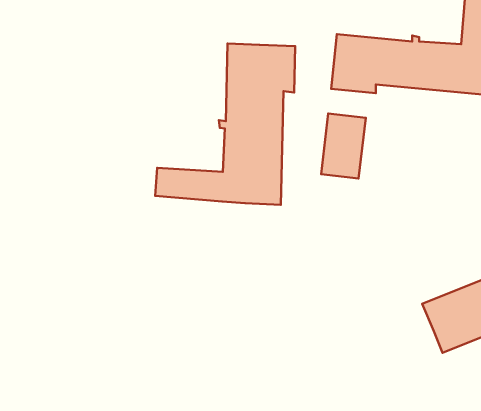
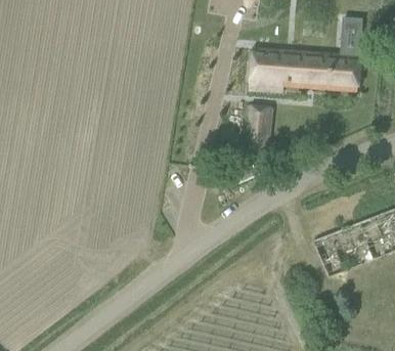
building: [155,44,295,205] -> none

